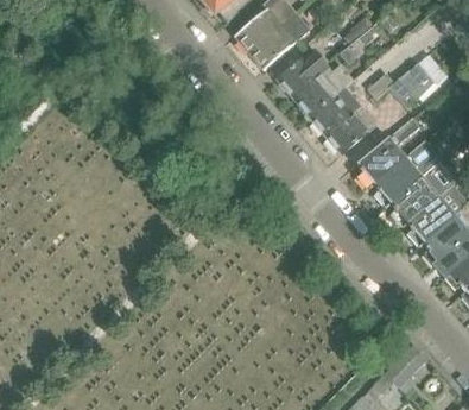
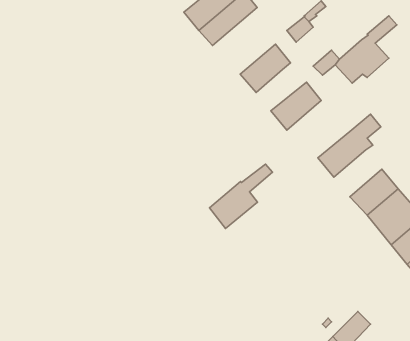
building: [277,48,329,97] -> none
building: [309,93,361,135] -> none
building: [356,118,422,184] -> [209,164,272,228]
building: [389,176,439,225] -> none

